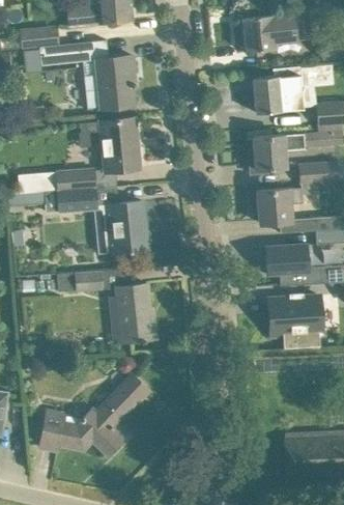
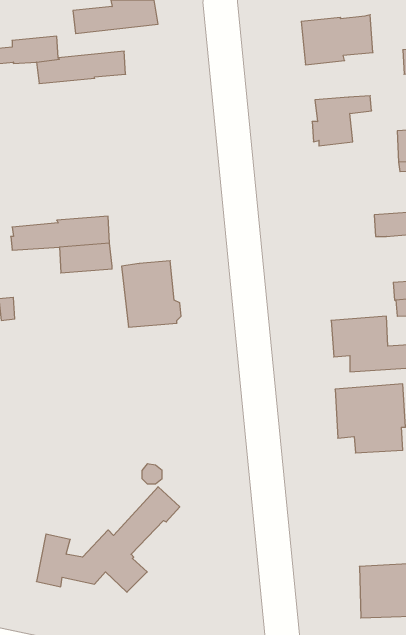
building: [83,56,135,110] -> none
building: [79,118,139,171] -> none
building: [249,133,316,174] -> none
building: [258,188,303,233] -> none
building: [57,269,156,342] -> none

